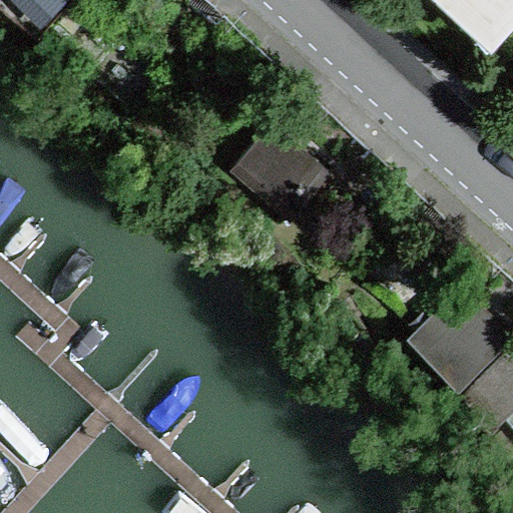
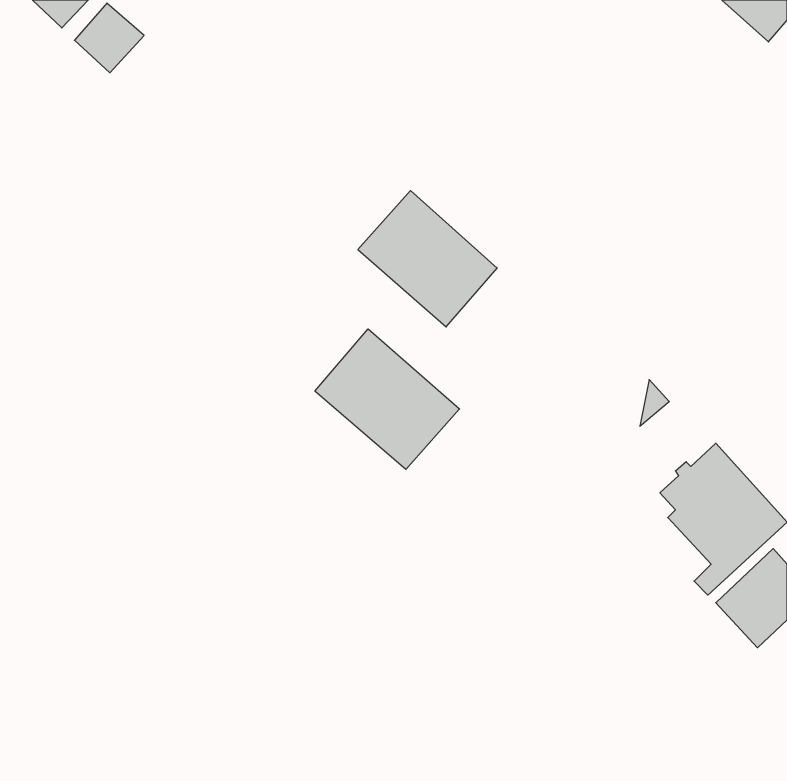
building: none -> [315,329,460,469]

